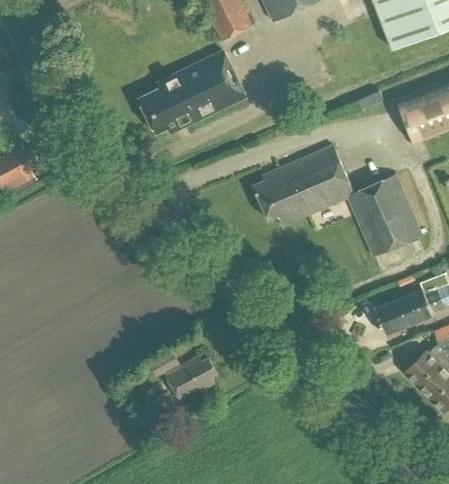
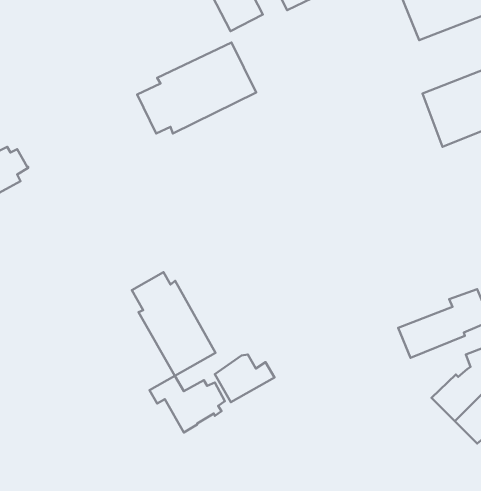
building: [254,145,422,256] -> none
building: none -> [132,272,216,376]
building: none -> [215,355,274,402]

